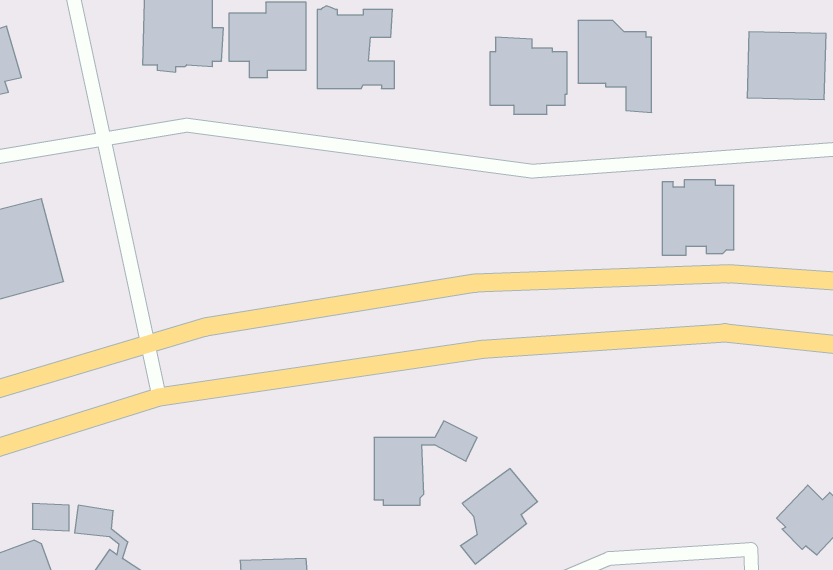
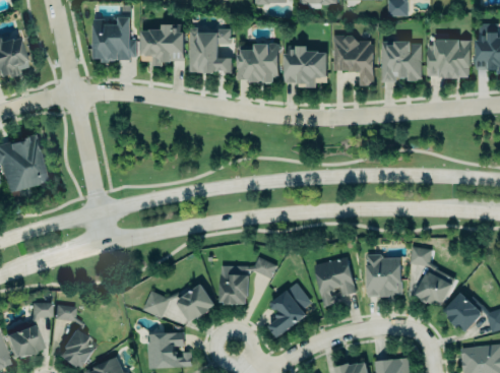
building: none -> [238,44,278,84]
building: [662,180,734,255] -> [382,41,422,82]
building: none -> [409,248,451,306]
building: none -> [367,254,401,298]
building: none -> [313,258,355,308]
building: none -> [142,284,215,322]

